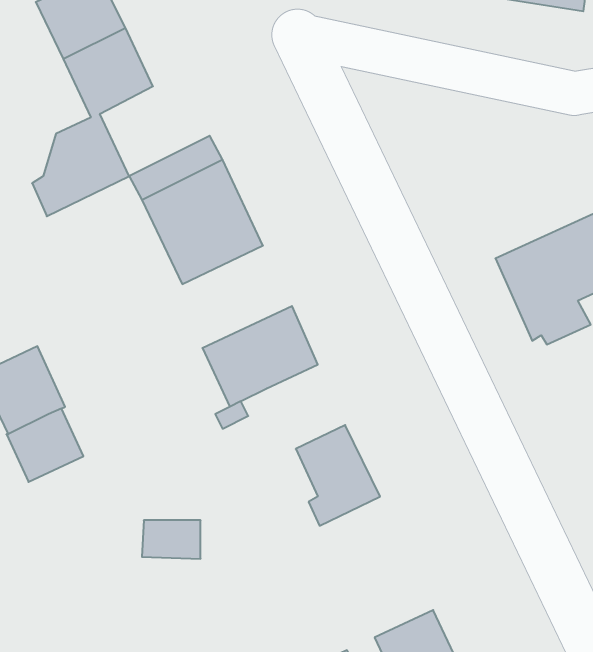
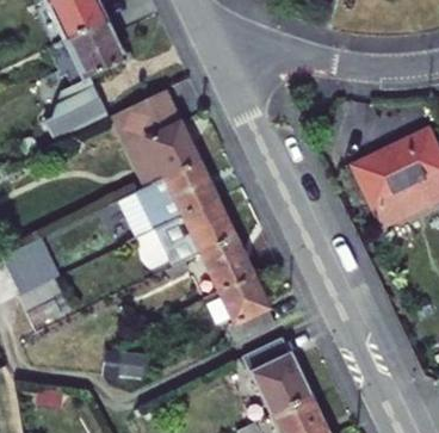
building: none -> [125,161,217,239]
building: none -> [200,239,252,293]
building: none -> [243,339,309,416]

